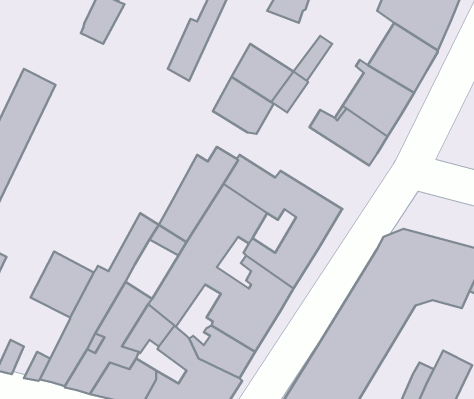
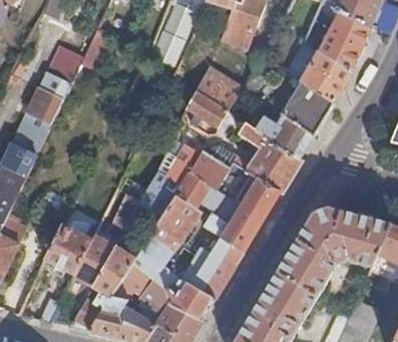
building: none -> [39,39,85,97]
building: none -> [203,122,303,195]

